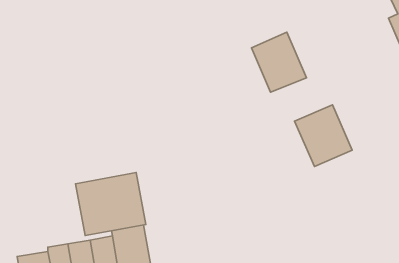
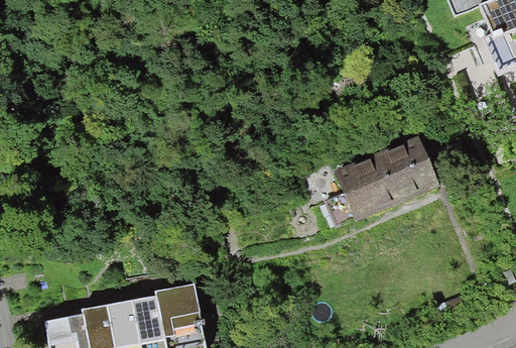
building: [252,32,307,92] -> [332,159,396,230]
building: [76,173,146,236] -> none

